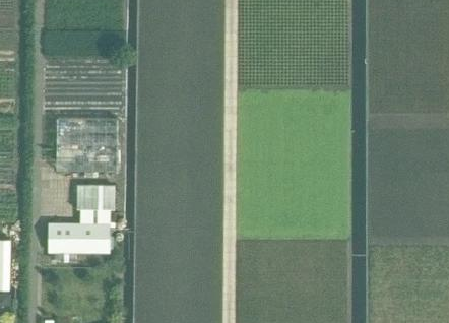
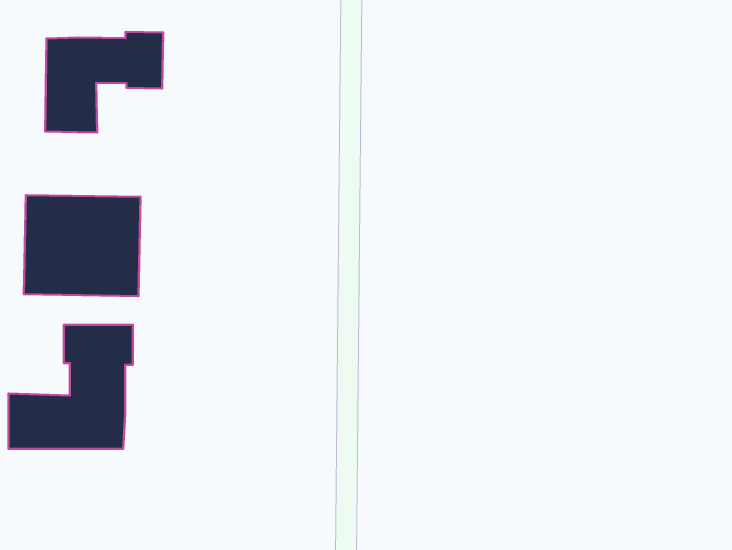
building: none -> [45,32,163,132]

